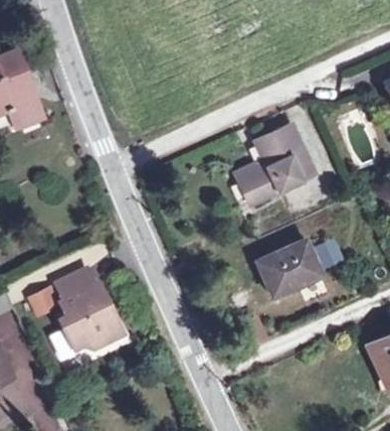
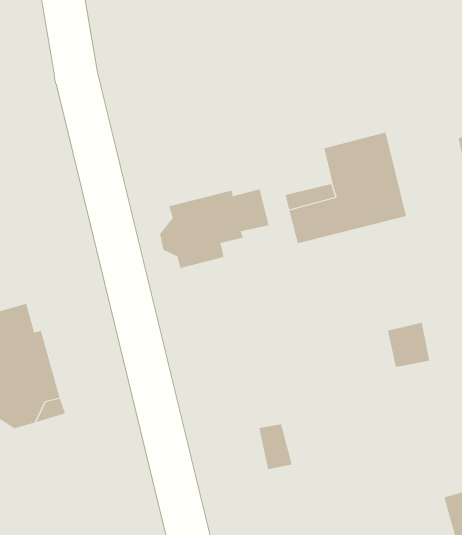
building: none -> [159,189,269,269]
building: [258,242,321,296] -> none

